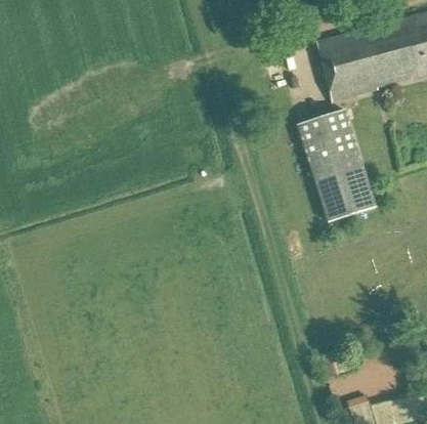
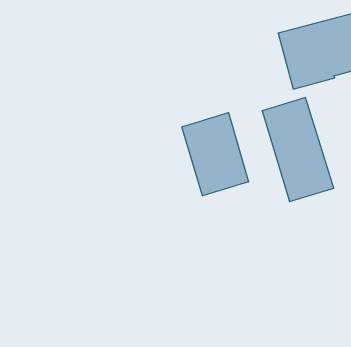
building: none -> [182,113,249,196]

